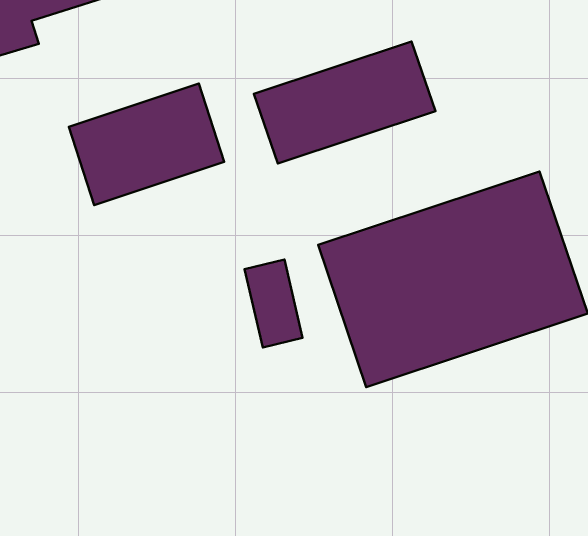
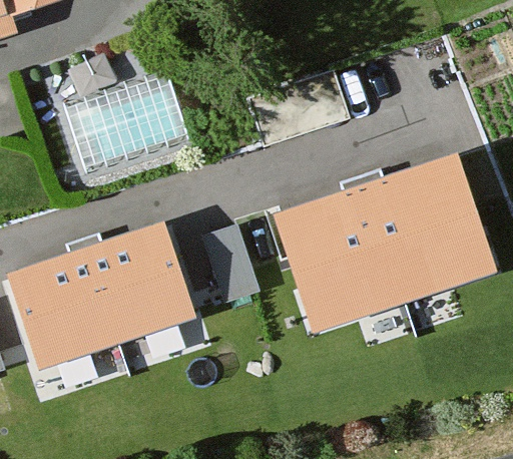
building: [254,42,435,163] -> none
building: none -> [10,233,188,370]

